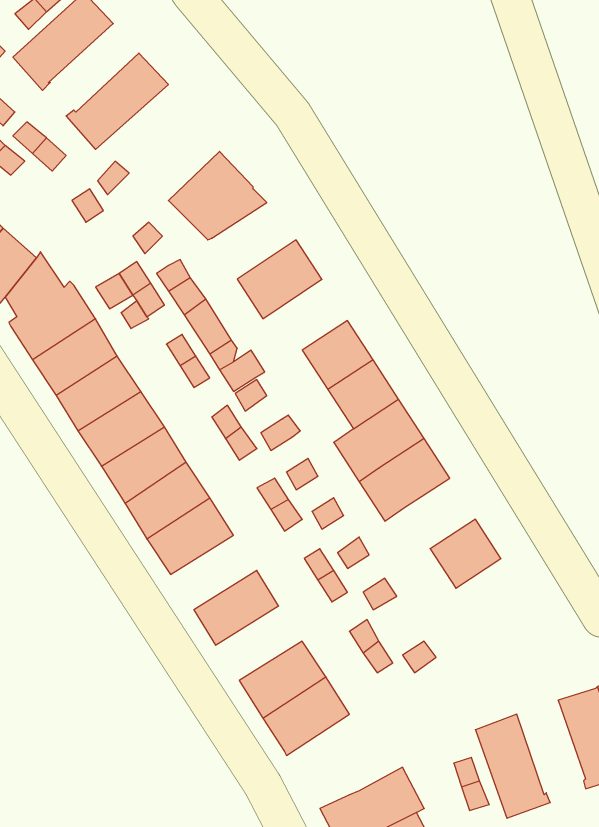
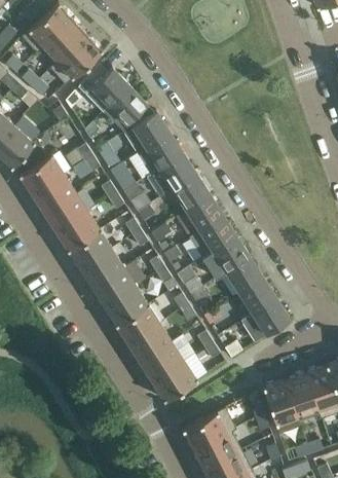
building: none -> [39,19,86,65]
building: none -> [78,63,128,111]
building: none -> [124,111,168,152]
building: none -> [148,152,195,195]
building: none -> [225,256,262,293]
building: none -> [103,286,148,325]
building: none -> [240,298,290,341]
building: none -> [126,323,172,362]
building: none -> [284,372,320,421]

